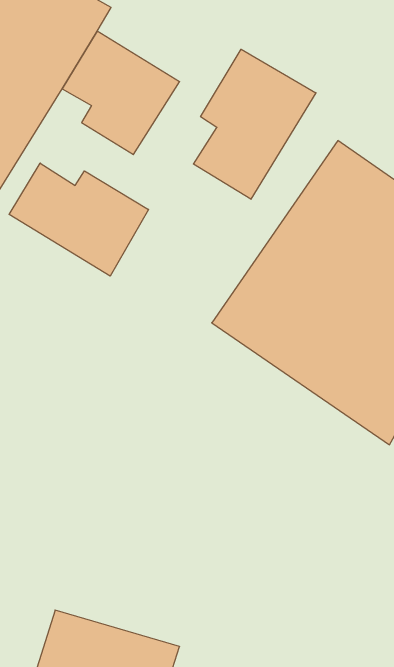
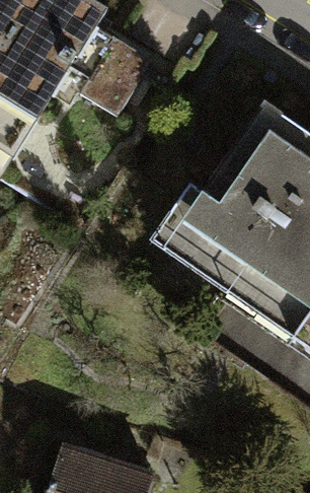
building: [193,49,316,199] -> none
building: [9,163,149,276] -> none

